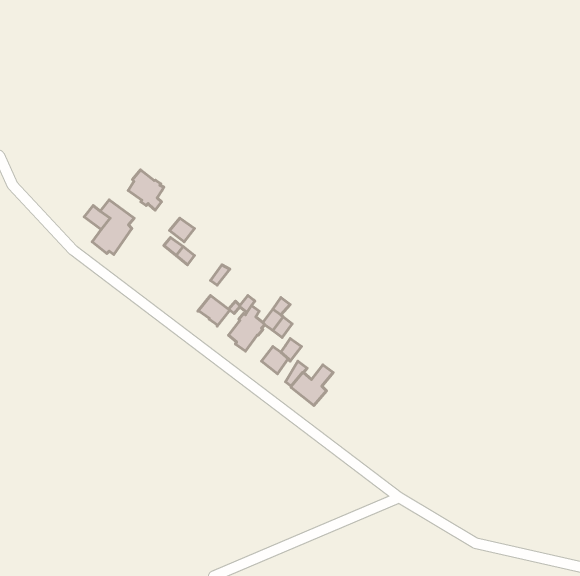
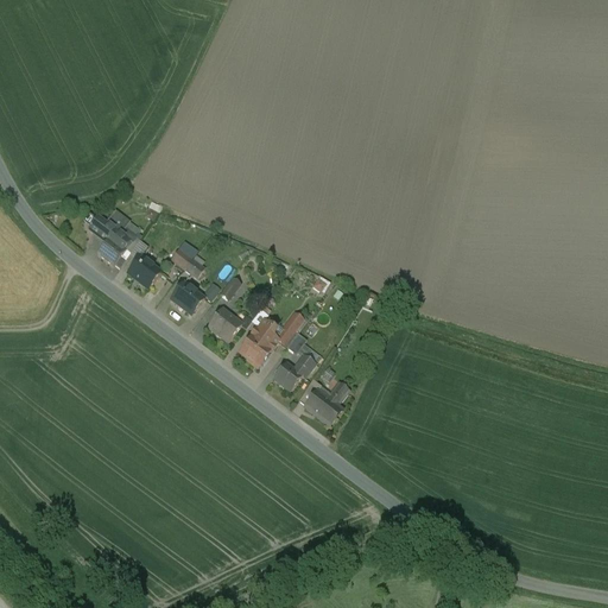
building: [128,170,164,210] -> none
building: none -> [127,255,160,287]
building: none -> [170,280,203,314]

